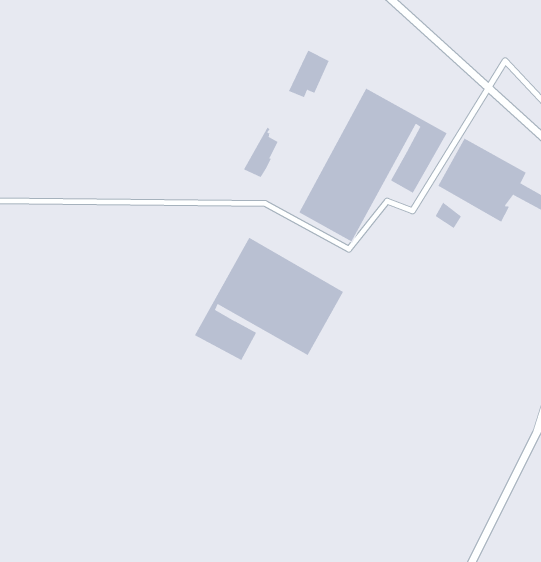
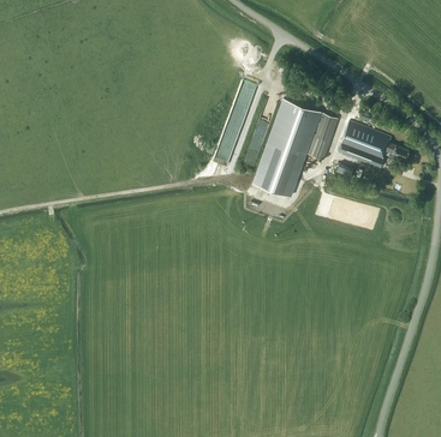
building: [194,237,344,361] -> none

